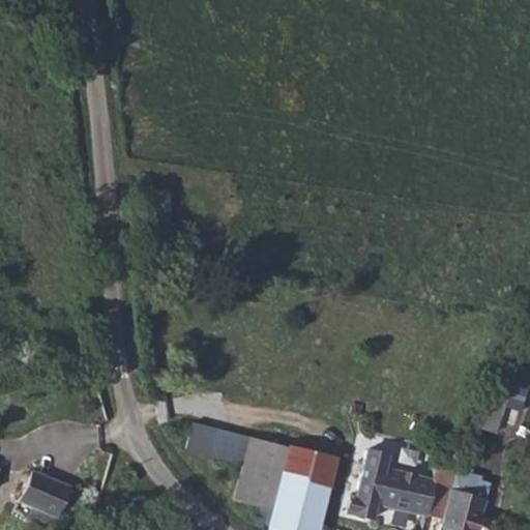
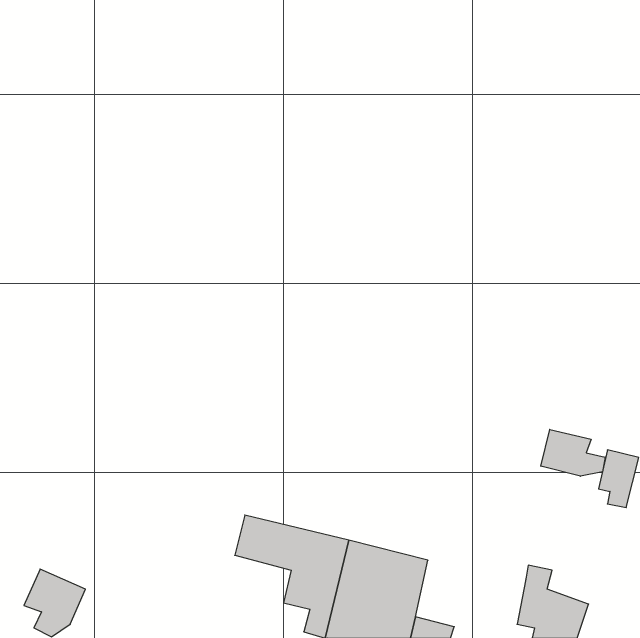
building: none -> [541,429,605,476]
building: [355,451,435,516] -> none

